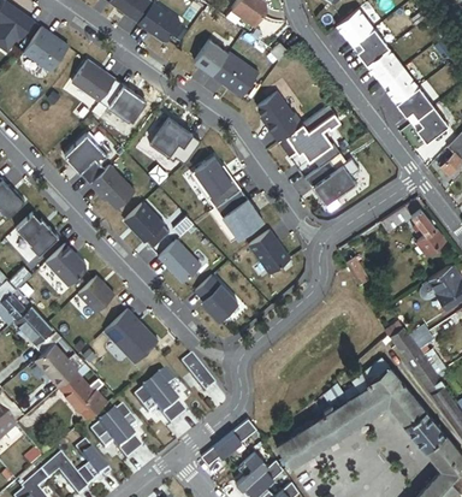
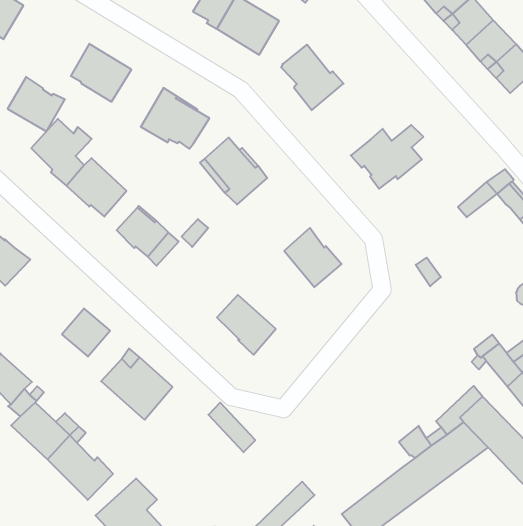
building: [71,60,114,102] -> [8,77,65,131]
building: [277,106,339,167] -> none
building: [215,190,261,239] -> none
building: [158,239,200,282] -> none
building: [45,244,85,286] -> none
building: [135,371,188,425] -> none

